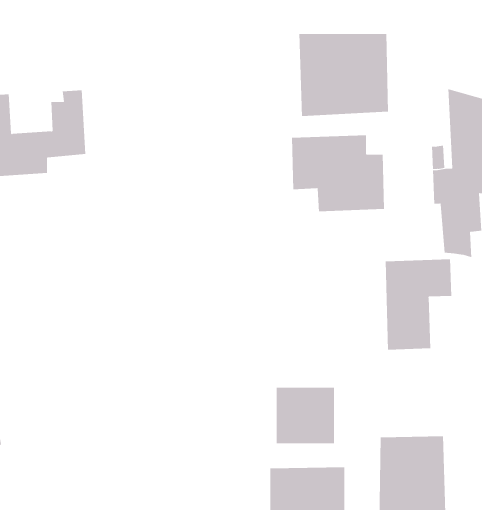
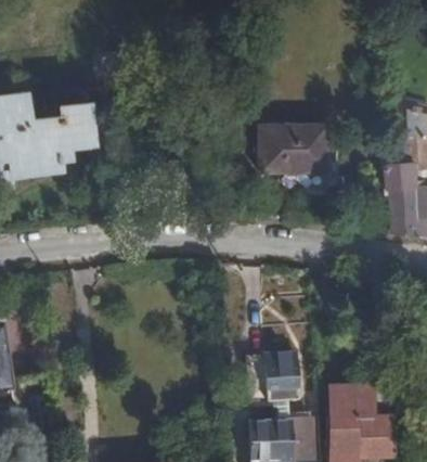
building: [299,33,388,117] -> none
building: [385,259,452,350] -> none

